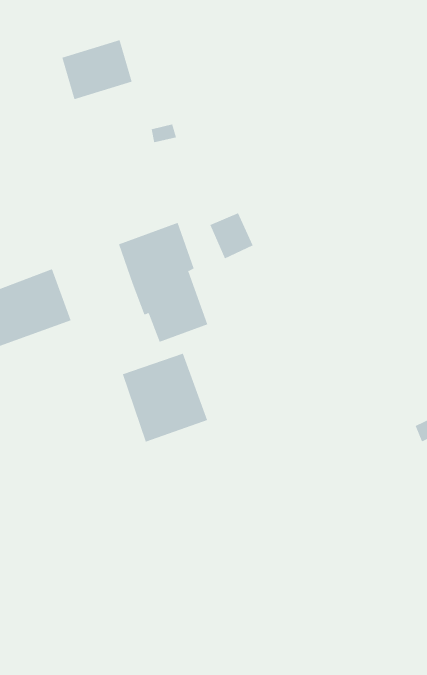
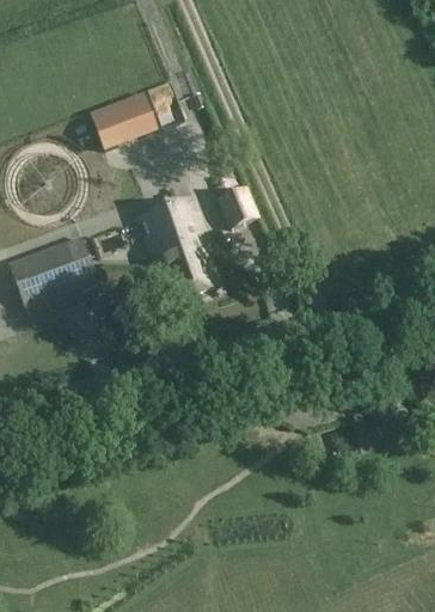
building: [62,40,133,100] -> [100,85,163,137]
building: [122,353,208,443] -> none

